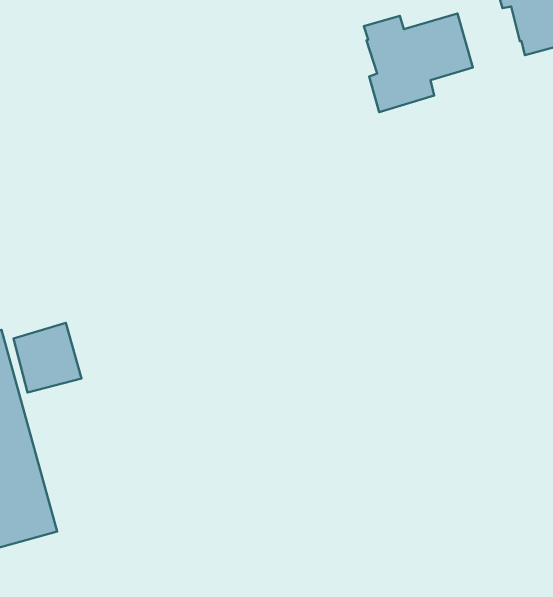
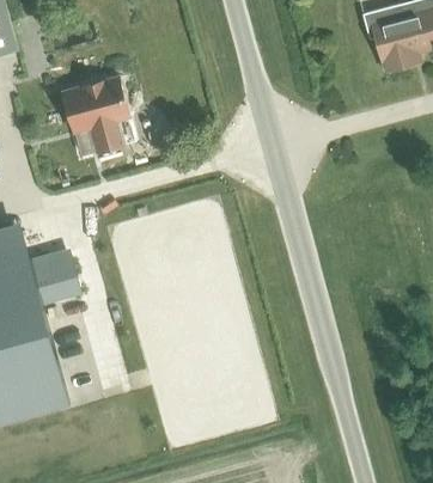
building: [364,14,473,112] -> none
building: none -> [63,78,129,153]

